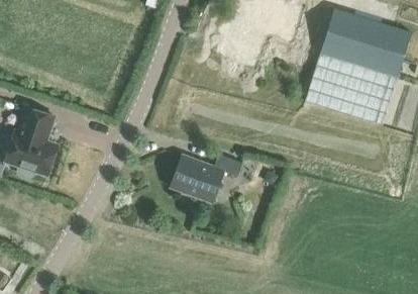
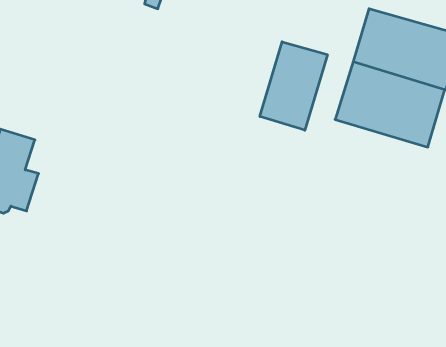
building: none -> [260,42,327,130]
building: [170,156,241,204] -> none

